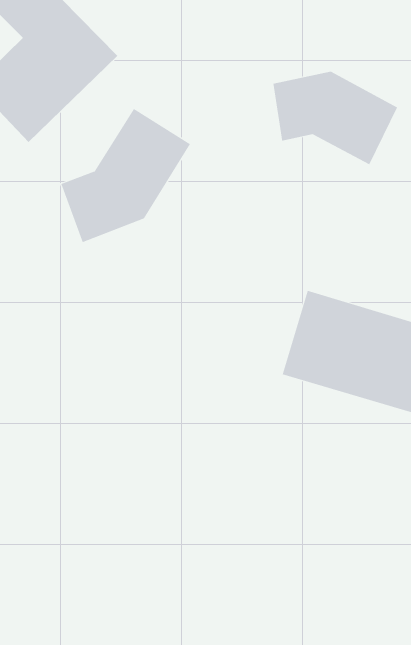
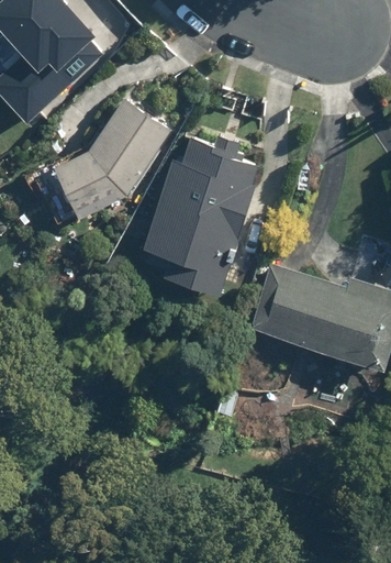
building: [273,71,398,165] -> none
building: none -> [147,137,257,297]

